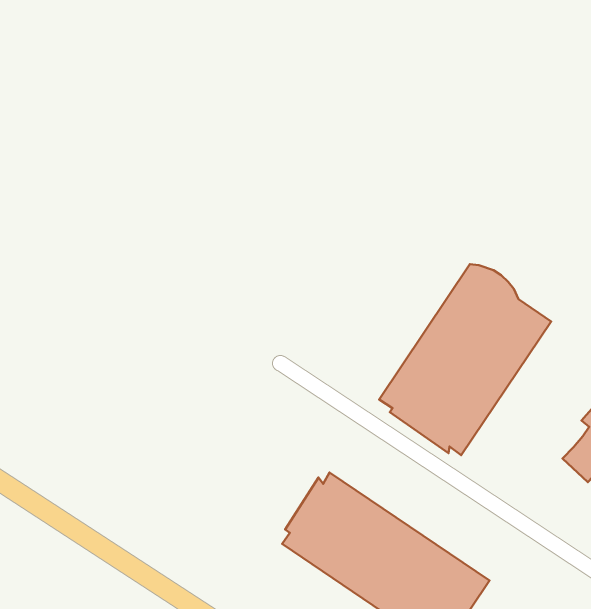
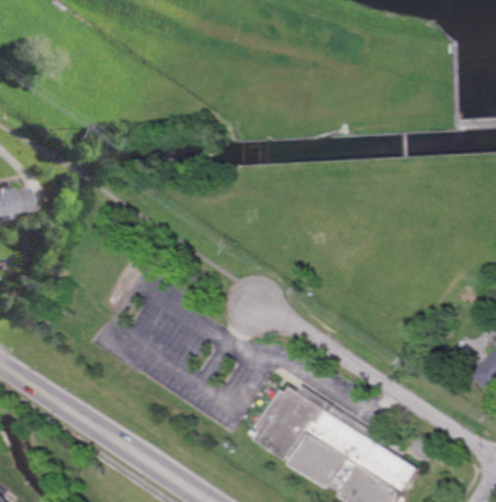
building: [379,264,551,455] -> none

